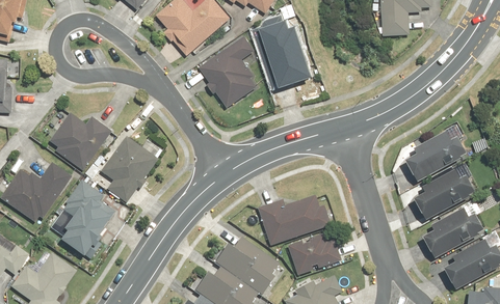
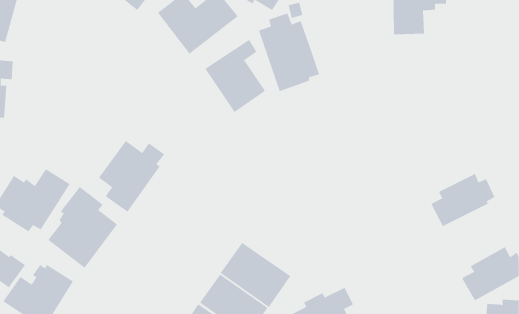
building: [49,113,111,170] -> none
building: [405,129,469,179] -> none
building: [258,193,331,244] -> none
building: [422,203,485,256] -> none
building: [288,231,342,274] -> none

